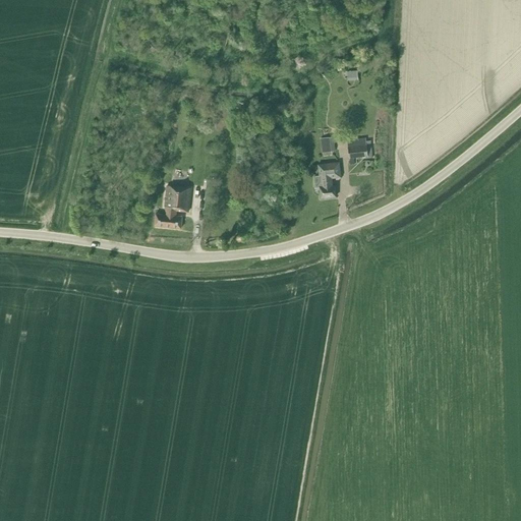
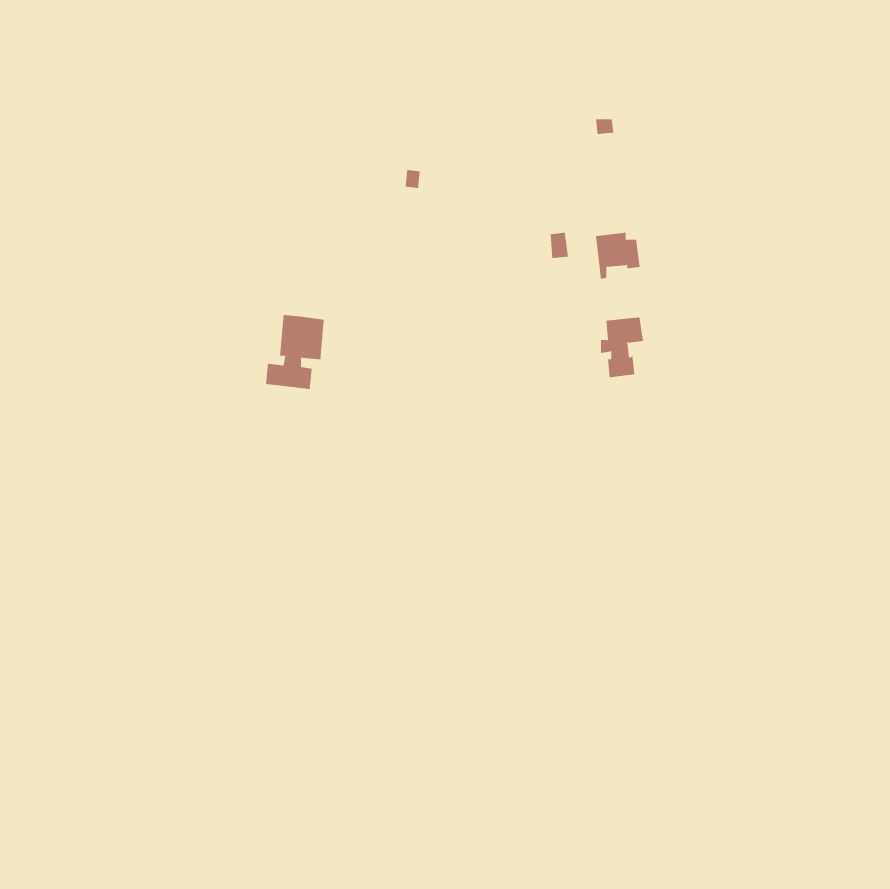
building: [316,161,342,196] -> [600,317,644,378]

